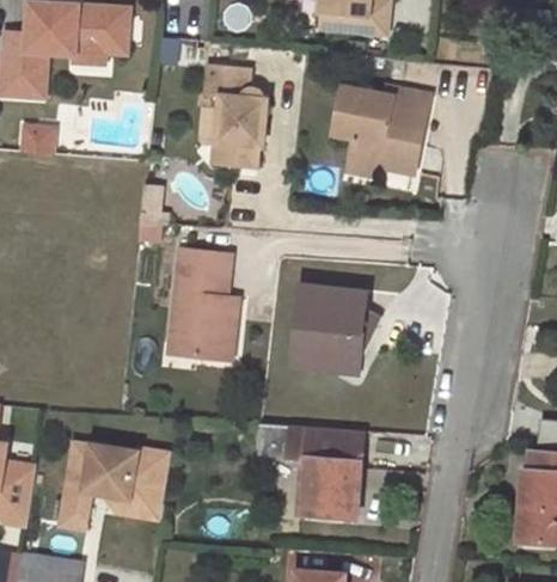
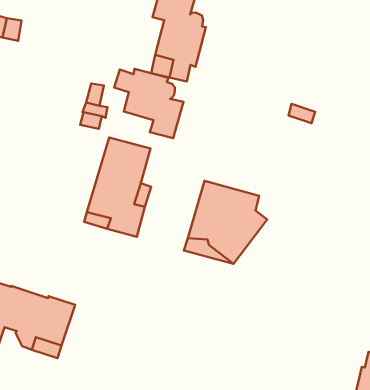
building: [333,82,430,173] -> none
building: none -> [114,69,183,138]
building: [288,425,361,517] -> none

